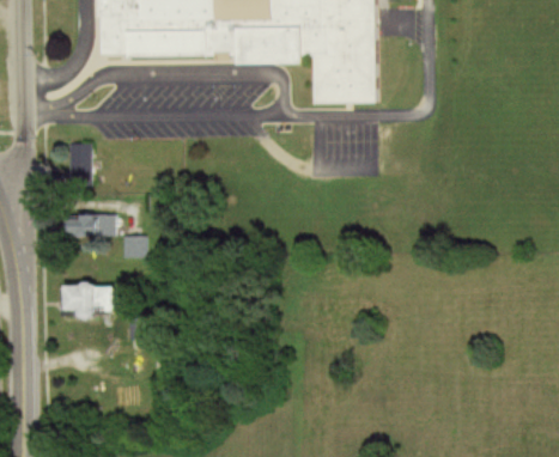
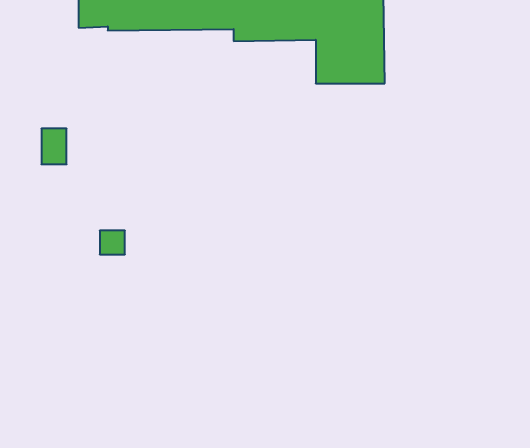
building: [63,215,113,237] -> none
building: [73,286,120,315] -> none

